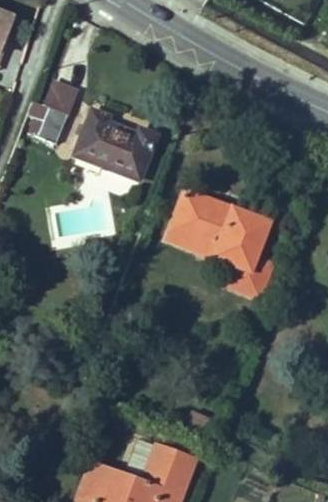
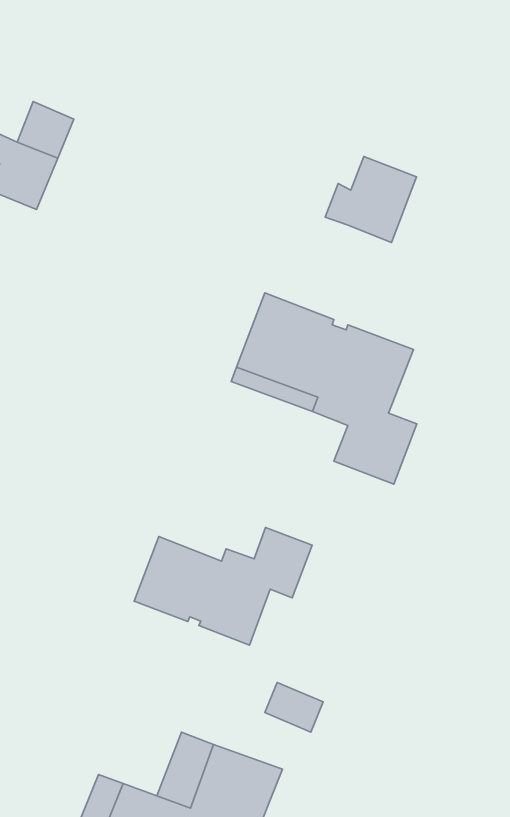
building: [74,111,155,180] -> none
building: none -> [325,157,417,243]
building: none -> [134,528,312,645]

